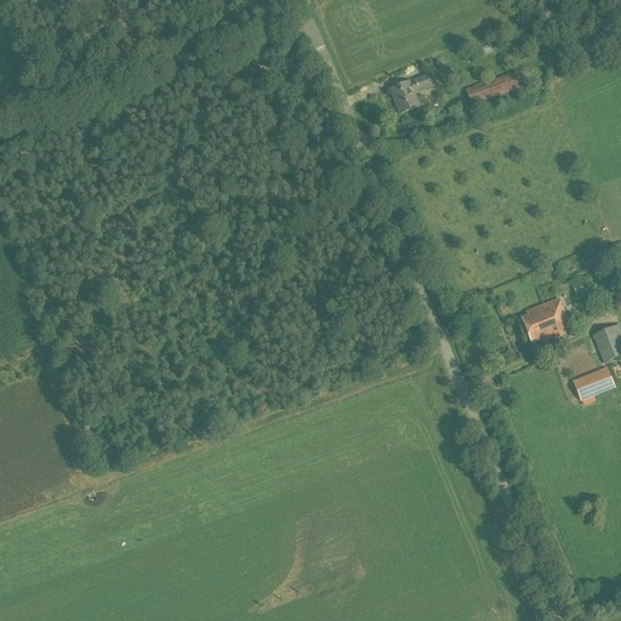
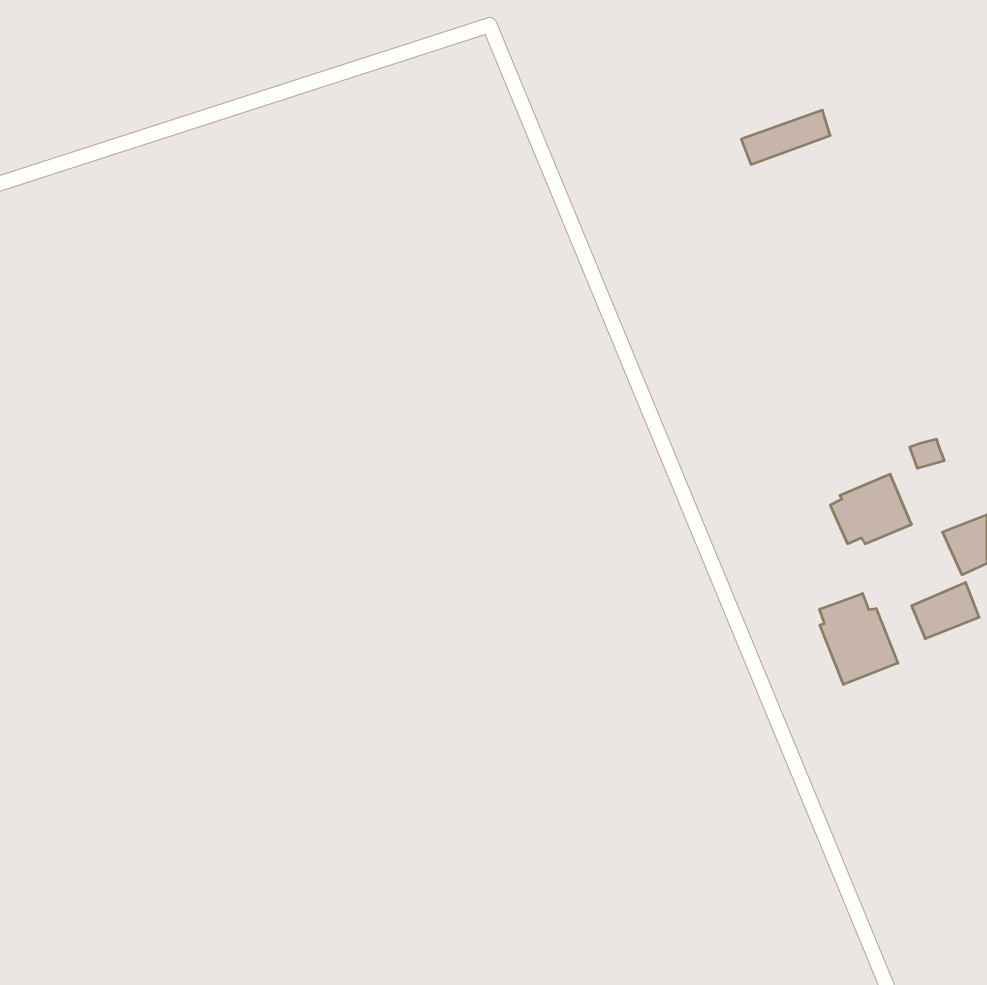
building: [388,70,434,112] -> none
building: none -> [820,593,898,685]

